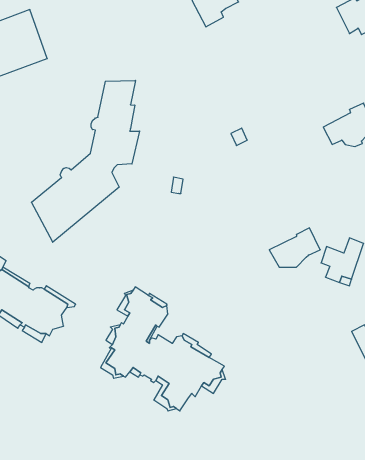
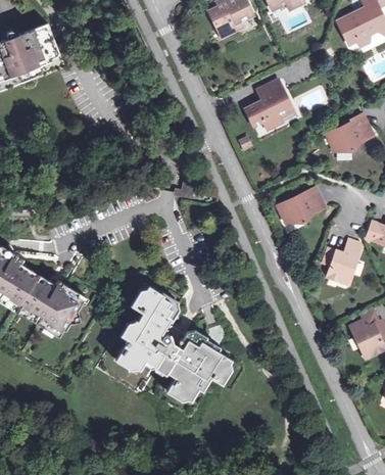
building: none -> [245,81,291,130]
building: [31,80,140,242] -> none
building: [269,228,320,267] -> [275,185,323,222]

